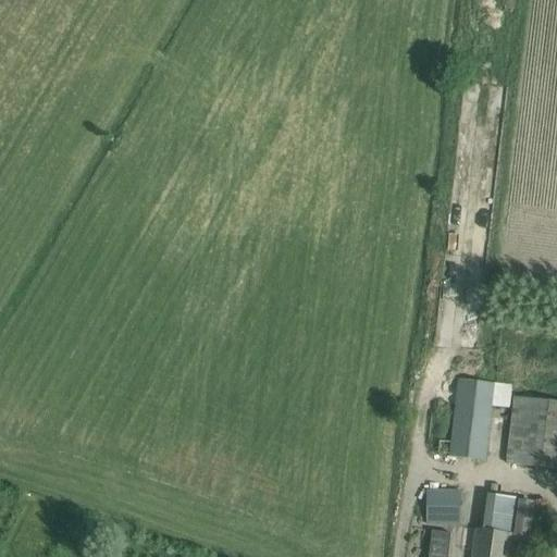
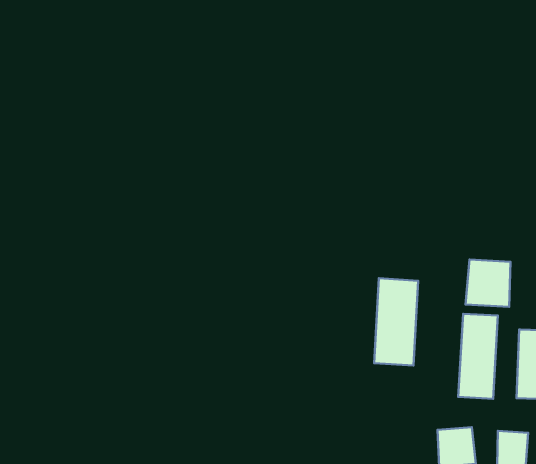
building: none -> [466,260,510,307]
building: none -> [374,278,418,366]

